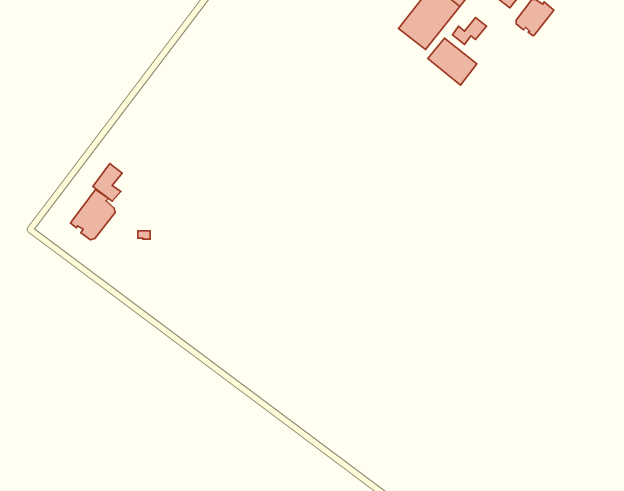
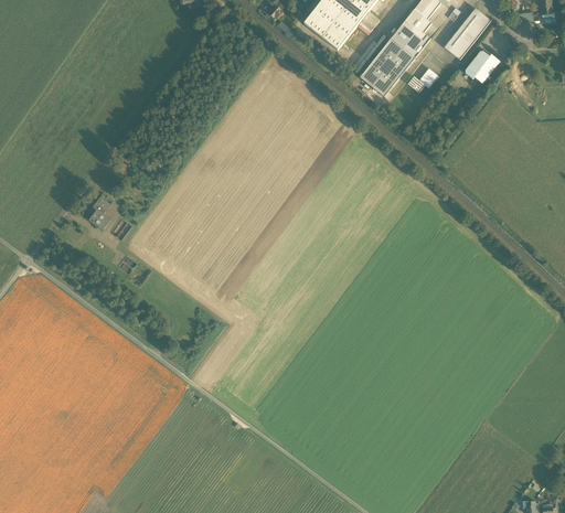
building: [428,38,477,85] -> none
building: [71,190,115,240] -> none

